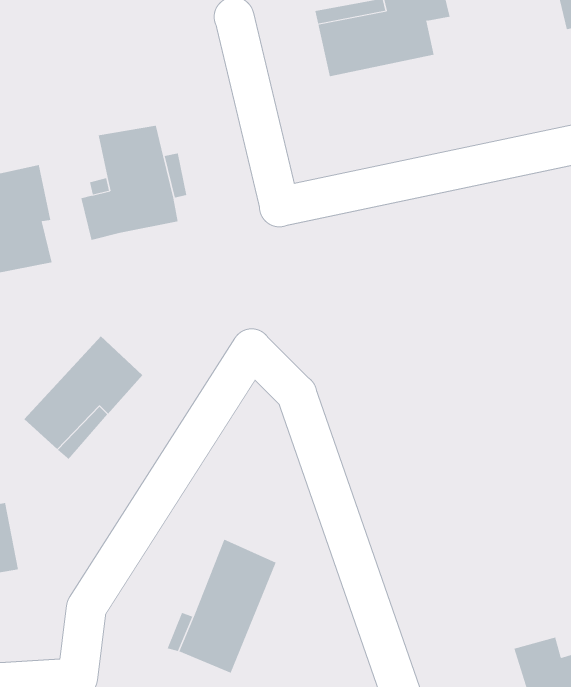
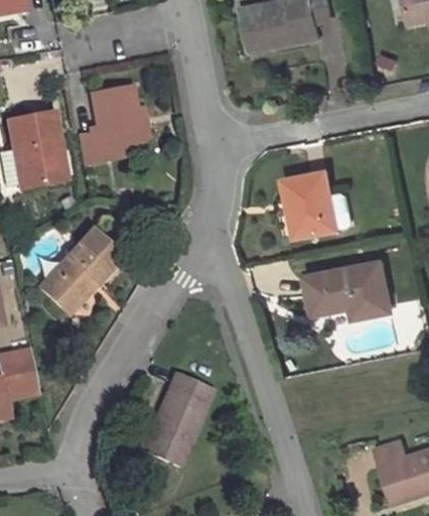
building: none -> [284,169,355,237]
building: none -> [309,262,395,320]

